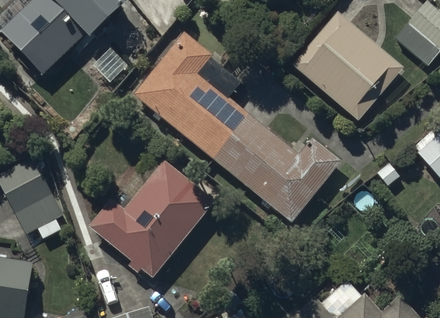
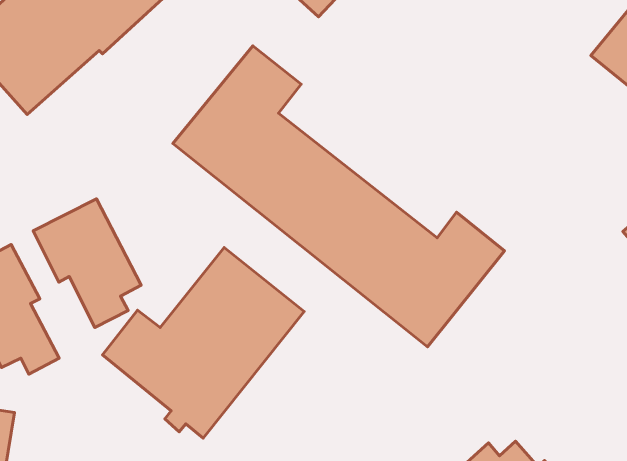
building: [293,11,405,121] -> none
building: none -> [33,199,141,328]

